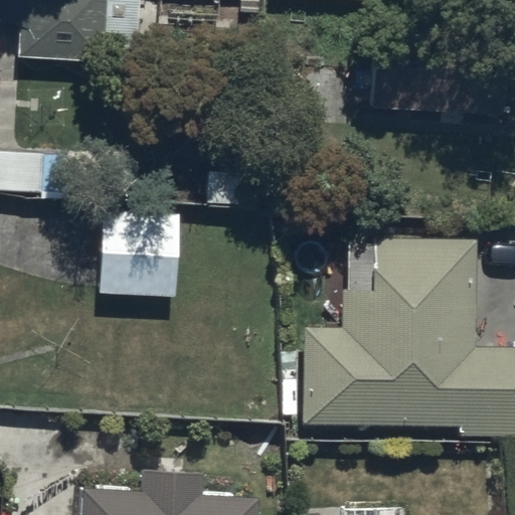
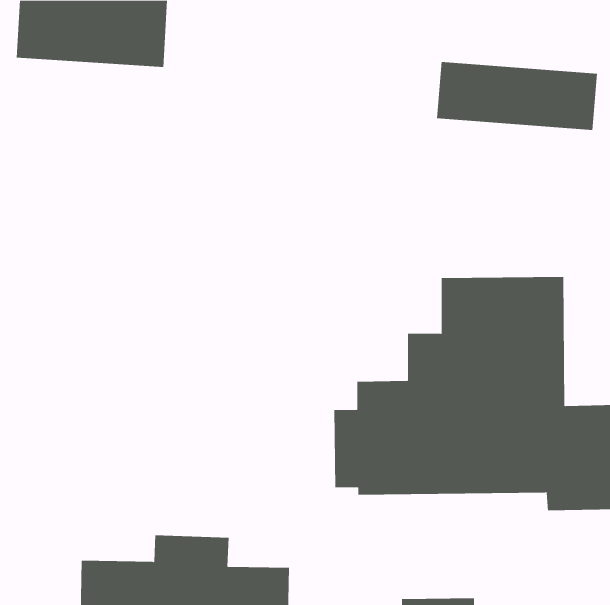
building: [99,213,212,297] -> none

